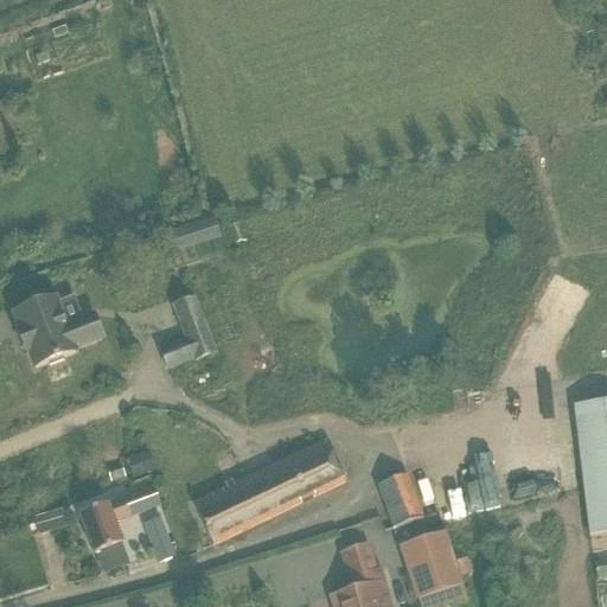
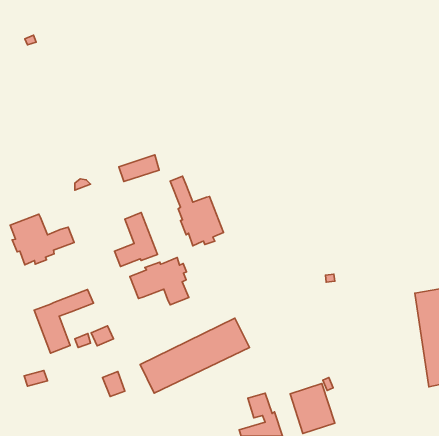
building: none -> [170,176,224,246]
building: none -> [130,258,189,305]
building: [376,474,437,528] -> none
building: [81,485,162,573] -> [34,290,94,353]

